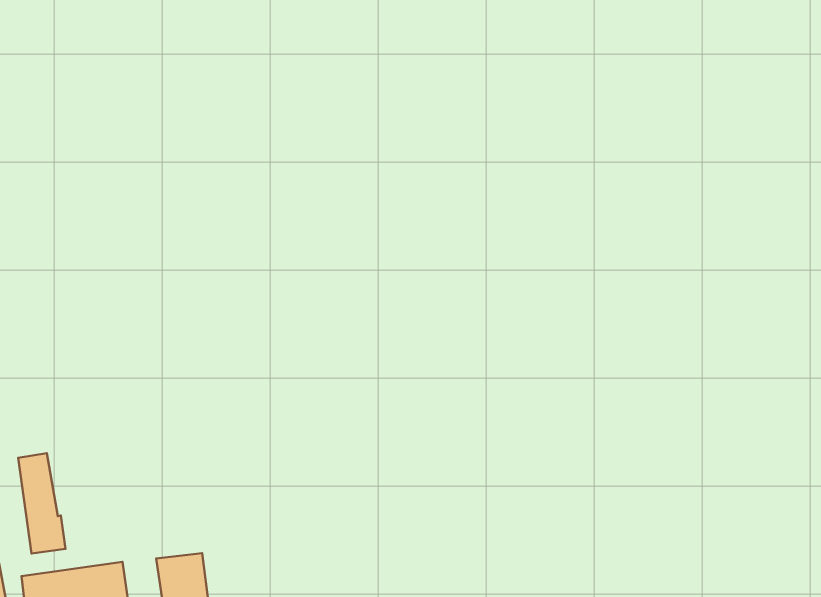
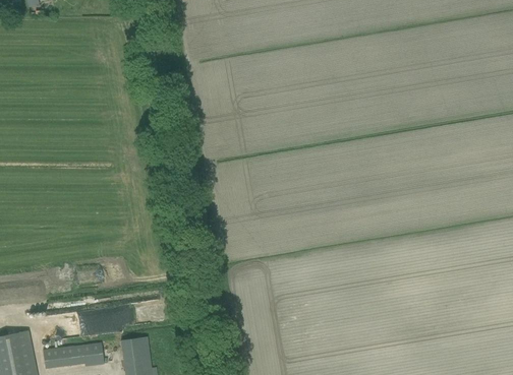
building: [18,453,65,554] -> none

